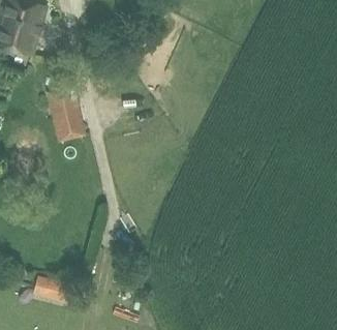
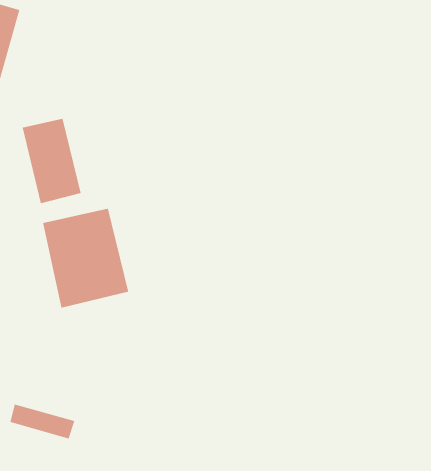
building: none -> [42,208,129,308]

